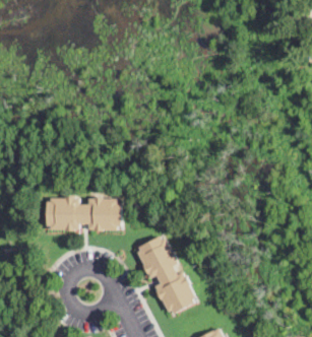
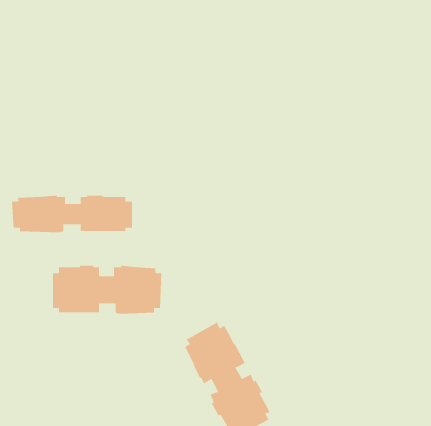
building: none -> [11,195,133,233]

